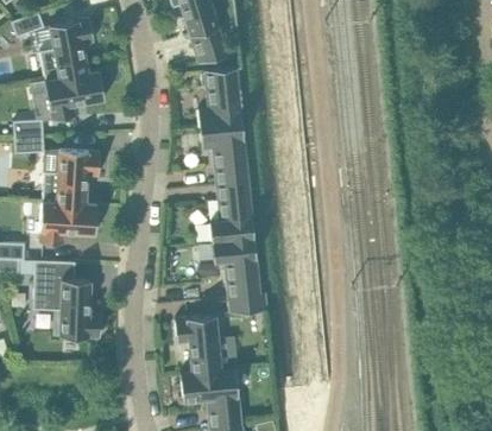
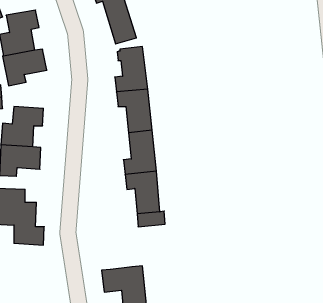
building: [175,315,221,372] -> none

